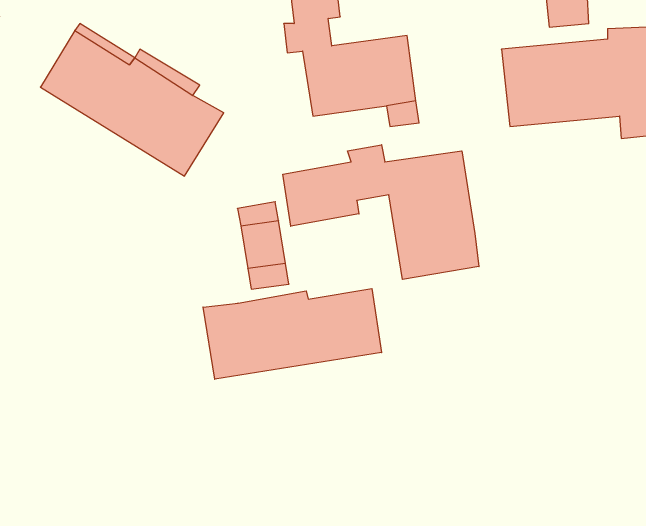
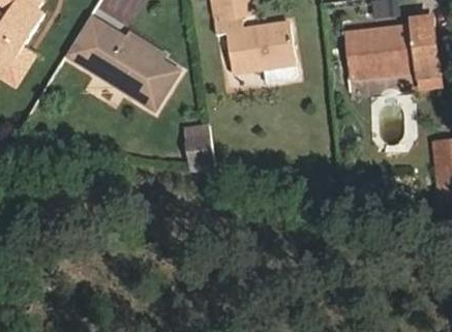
building: [283,145,479,279] -> none
building: [203,289,382,379] -> none

